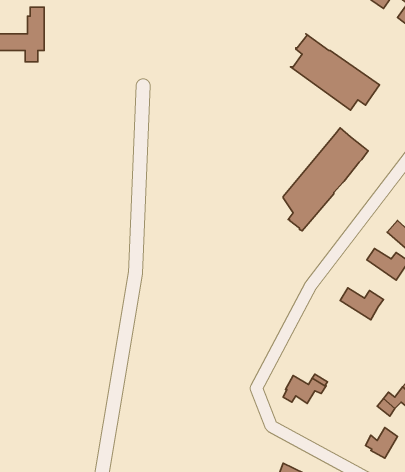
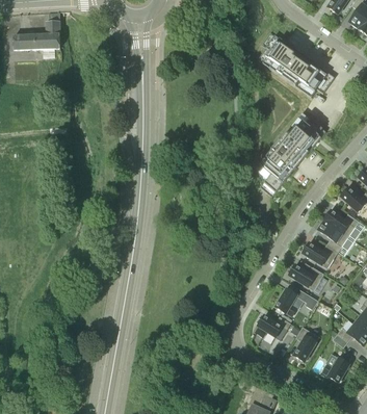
building: none -> [318,219,348,252]
building: none -> [289,264,324,290]
building: none -> [276,288,318,315]
building: none -> [293,327,319,361]

